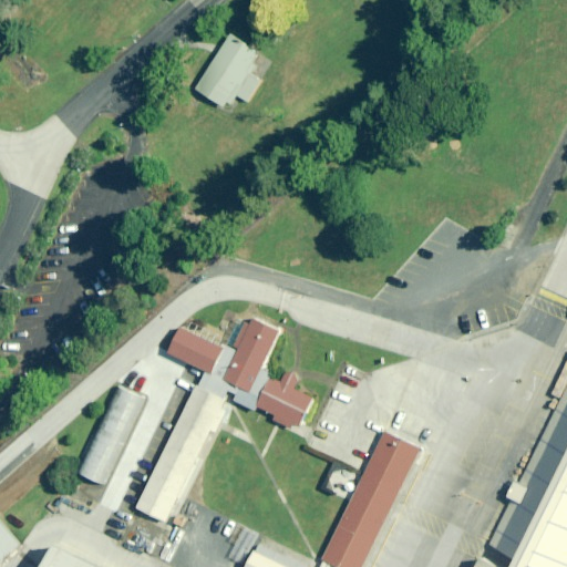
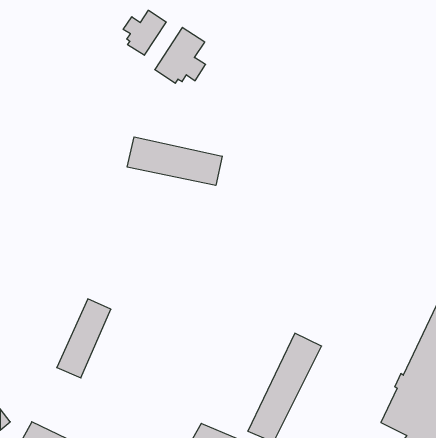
building: none -> [123,10,166,55]
building: none -> [127,137,222,185]
building: [135,320,308,520] -> none

